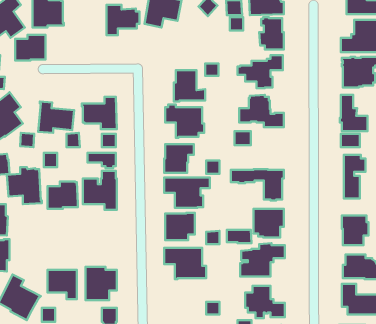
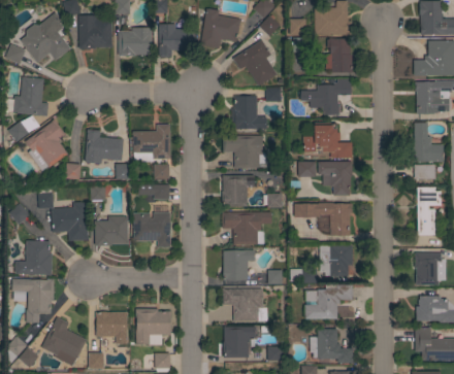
building: none -> [232,40,277,87]
building: [15,35,46,61] -> [119,28,152,56]
building: none -> [318,162,352,196]
building: none -> [223,327,256,358]

